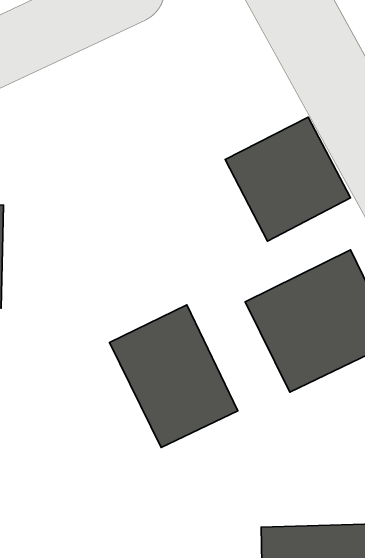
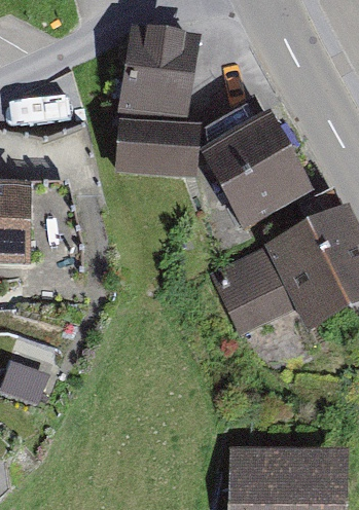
building: none -> [106,29,188,163]
building: [110,305,238,448] -> none

